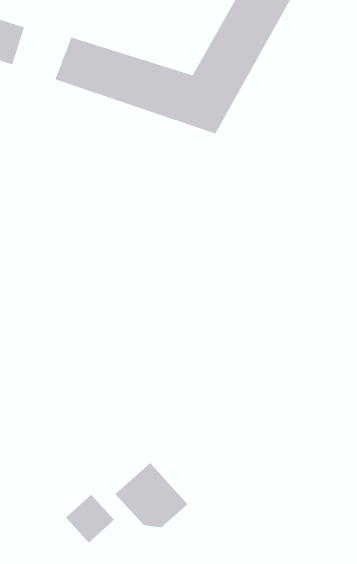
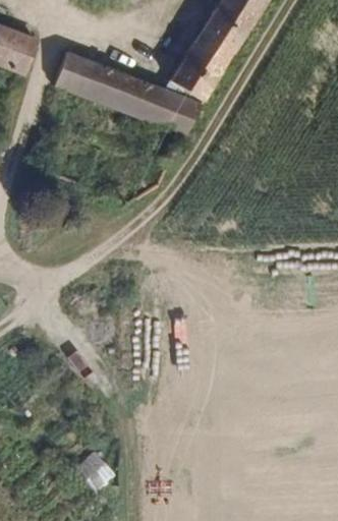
building: [114,462,189,528] -> none

